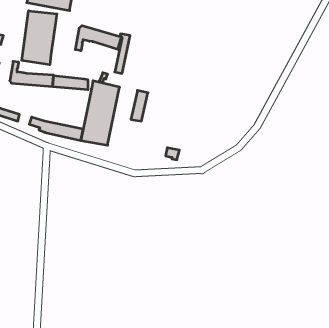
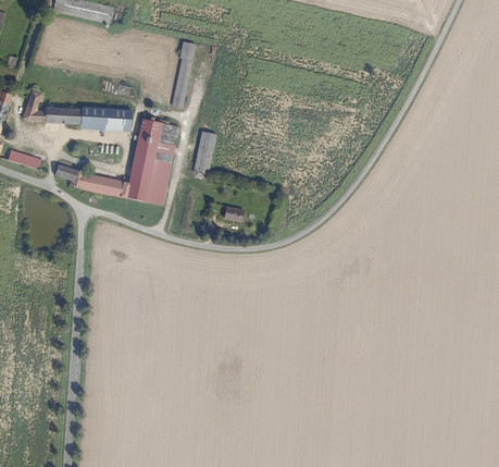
building: [22,11,57,65] -> none
building: [75,26,121,51] -> none

